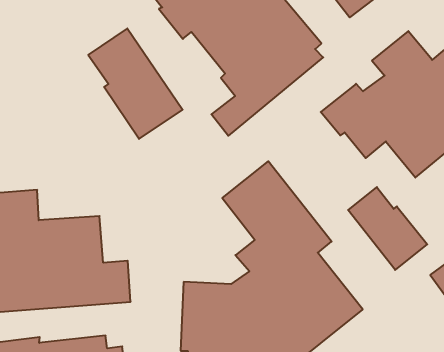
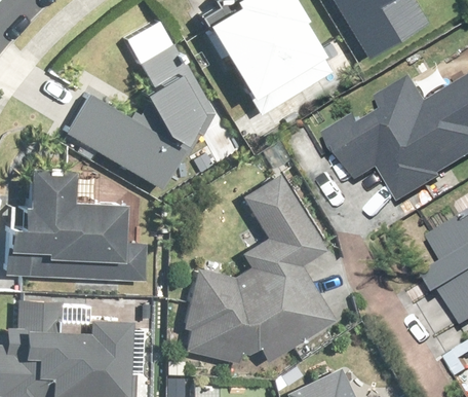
building: none -> [66,92,189,189]
building: [348,187,427,270] -> none

